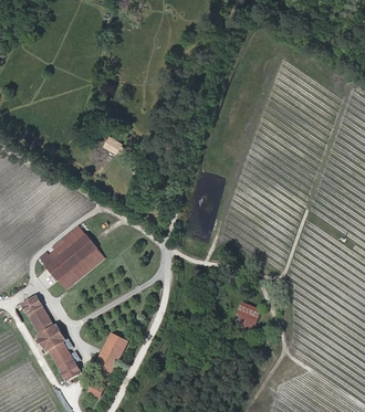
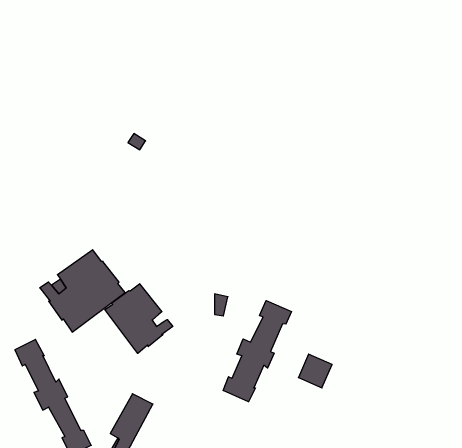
building: none -> [105,284,173,353]
building: none -> [223,301,291,402]

